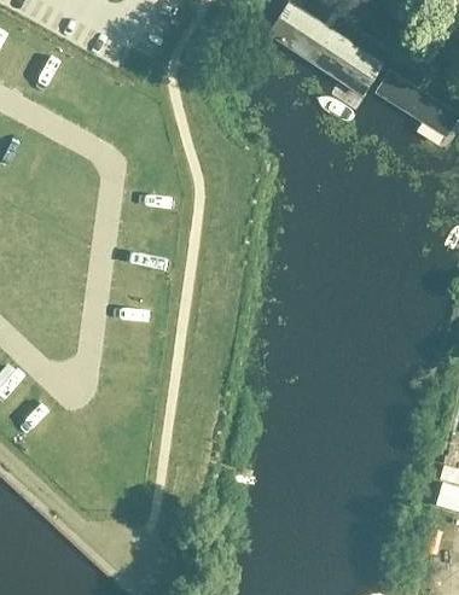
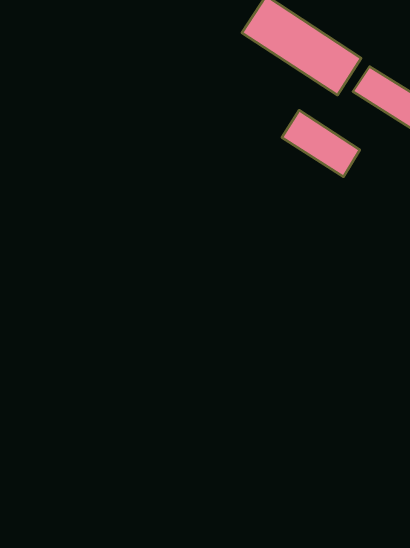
building: none -> [282,110,360,177]

